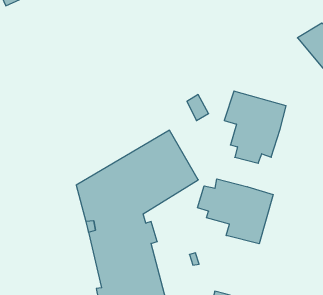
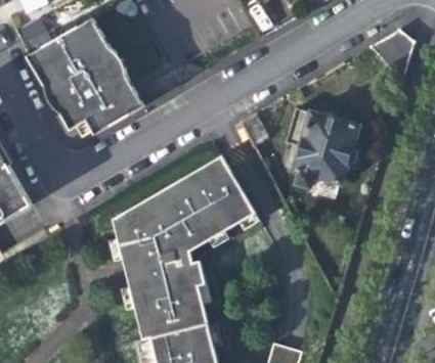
building: none -> [27,17,142,135]
building: [197,179,273,244] -> none

